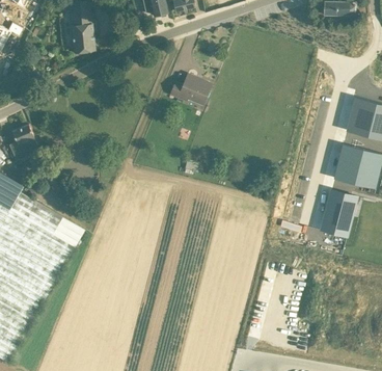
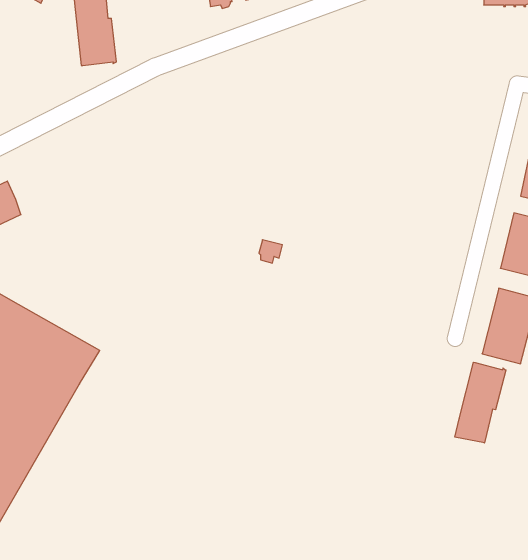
building: [169,74,212,105] -> none
building: none -> [455,362,506,443]

